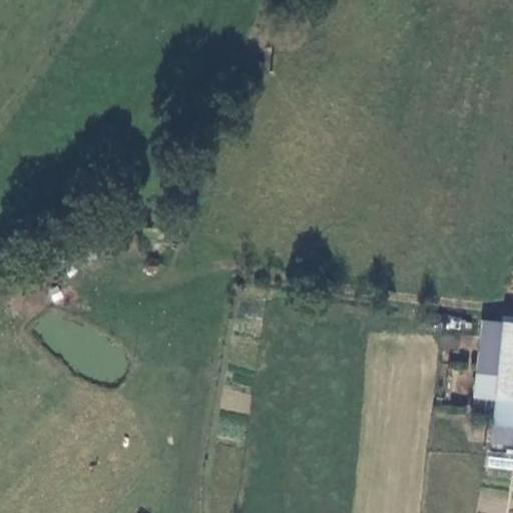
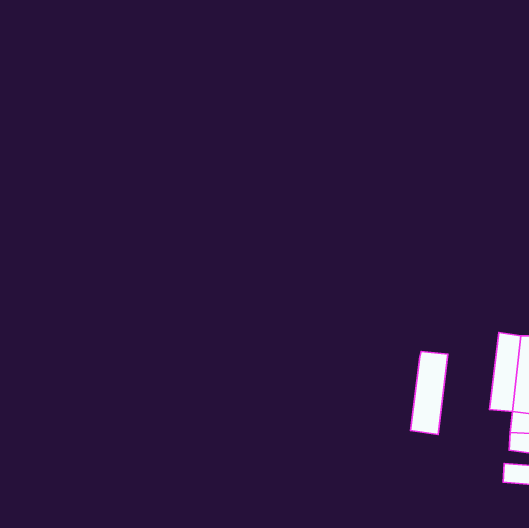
building: none -> [410,351,448,435]

